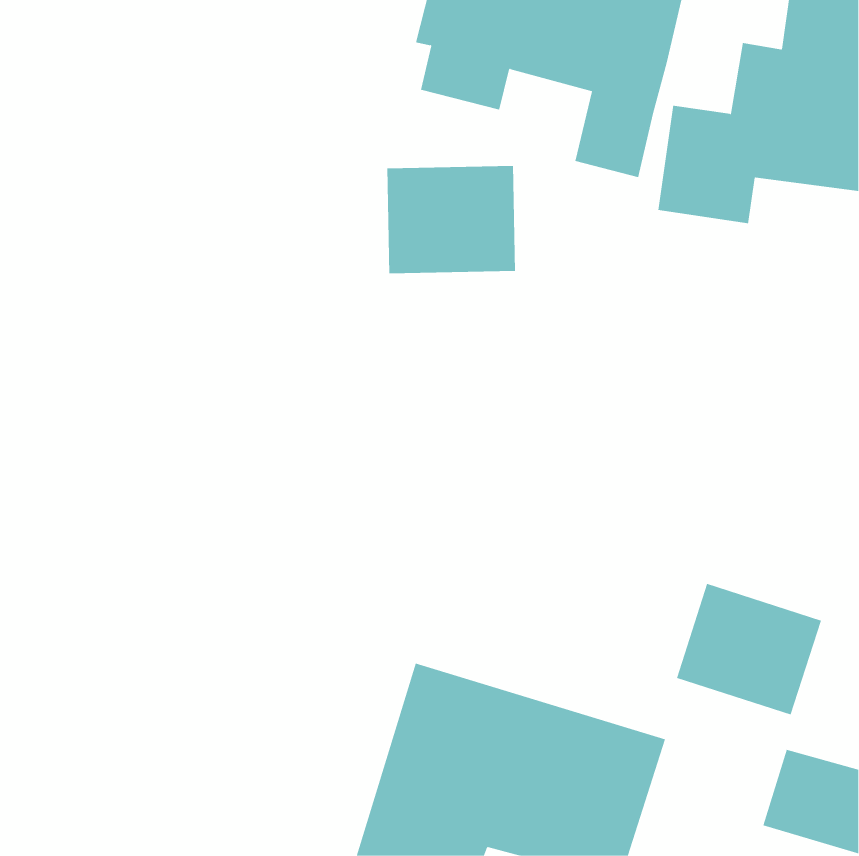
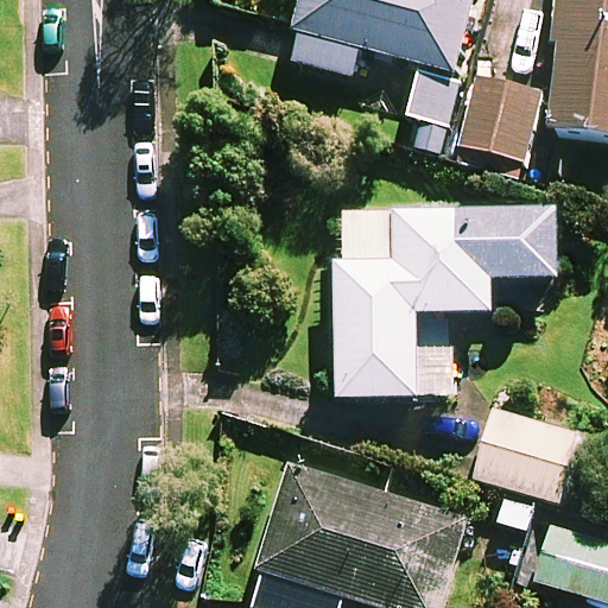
building: [387,165,515,274] -> none
building: none -> [335,207,557,395]

